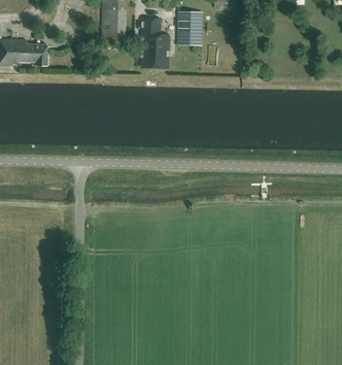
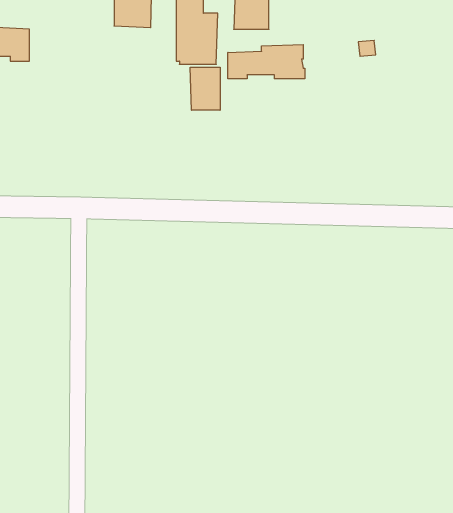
building: none -> [228,45,305,79]
building: none -> [190,67,220,110]

